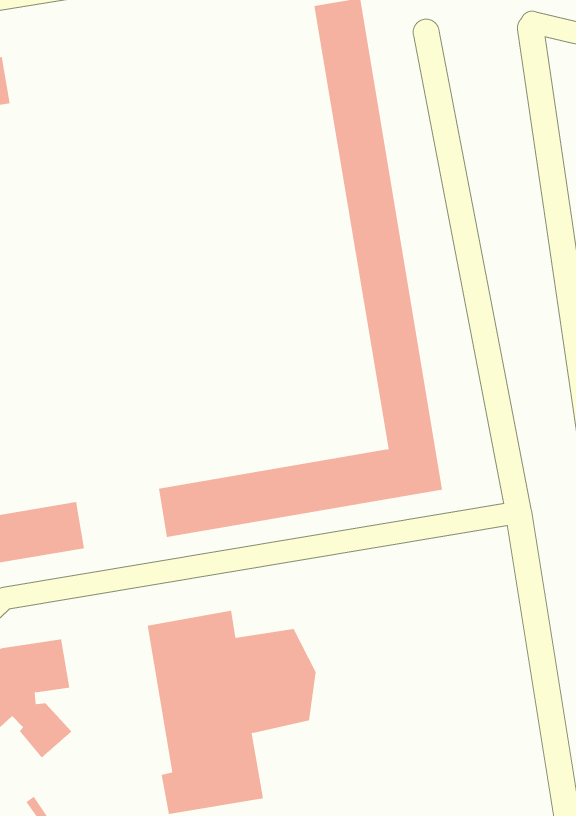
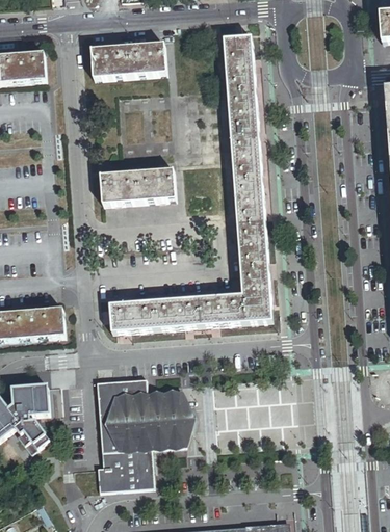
building: none -> [90,42,165,76]
building: none -> [100,167,174,202]

